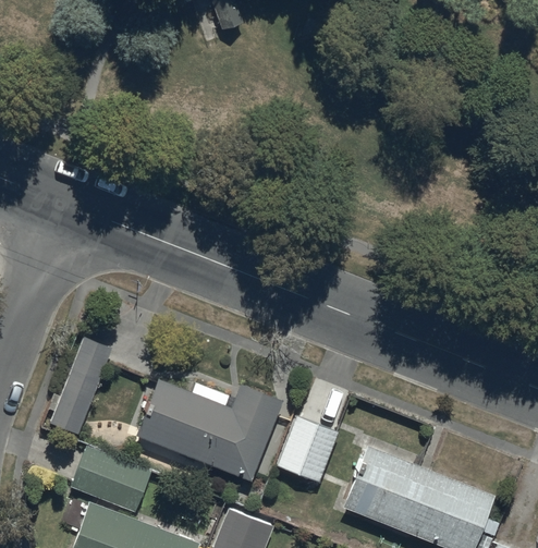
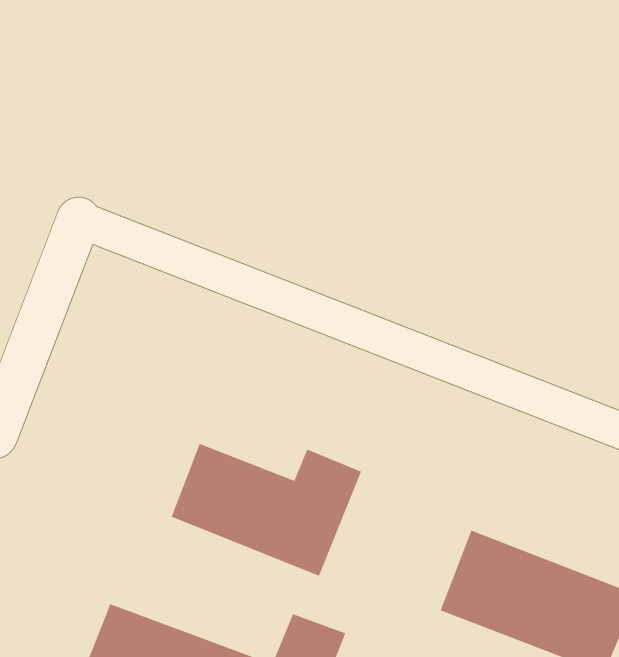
building: [51,338,112,435] -> none
building: [278,416,340,483] -> none
building: [70,447,151,512] -> none

